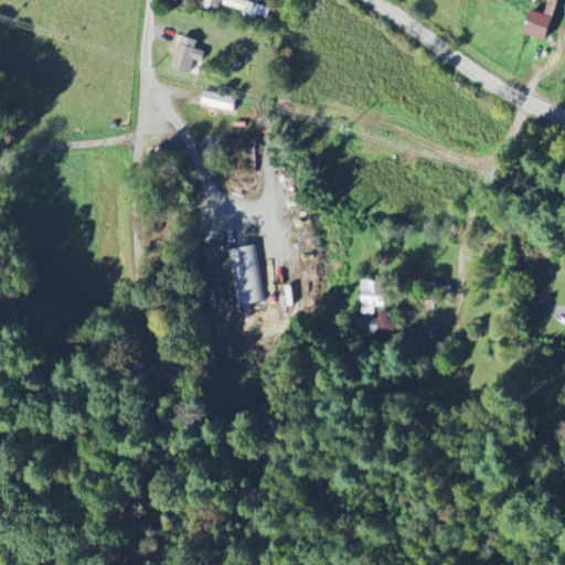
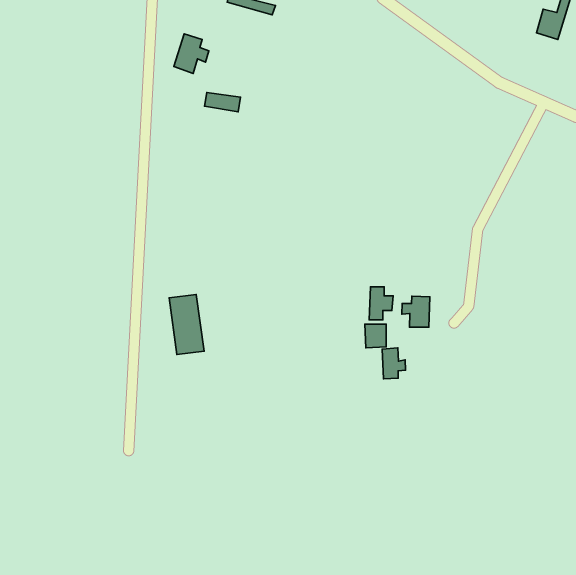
building: [228,245,263,303] -> [169,295,204,354]
building: none -> [402,296,430,327]
building: none -> [382,348,406,379]

